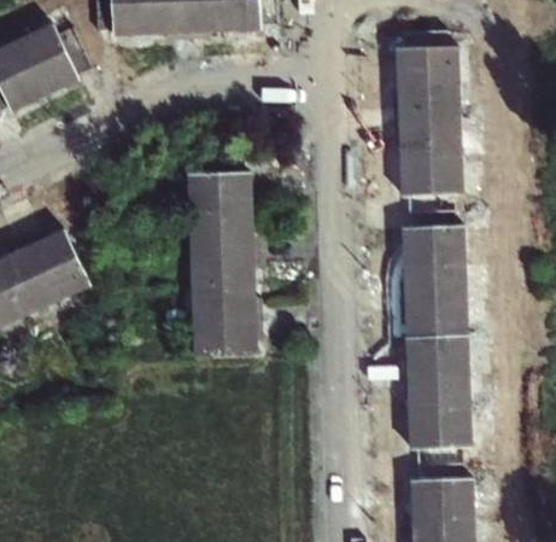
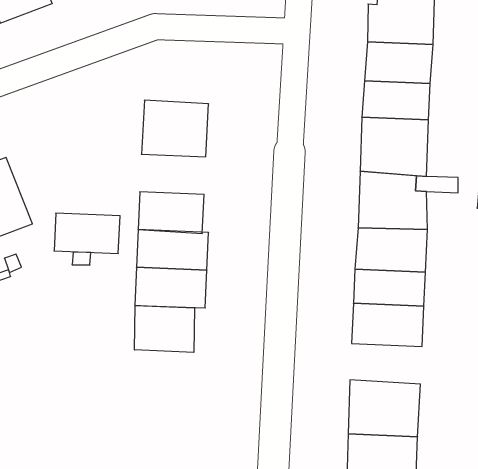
building: [189,209,252,247] -> [54,213,120,253]
building: none -> [135,305,194,352]
building: [404,374,473,412] -> none

